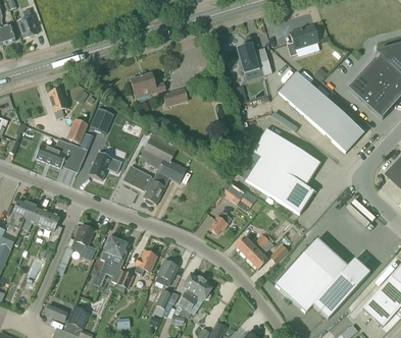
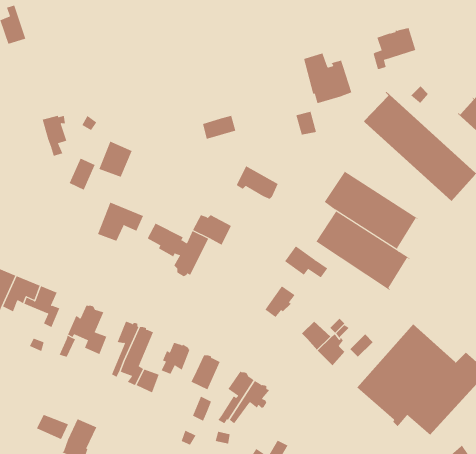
building: [130,71,165,98] -> none
building: [143,136,173,161] -> [236,165,278,199]
building: [35,140,87,168] -> none

